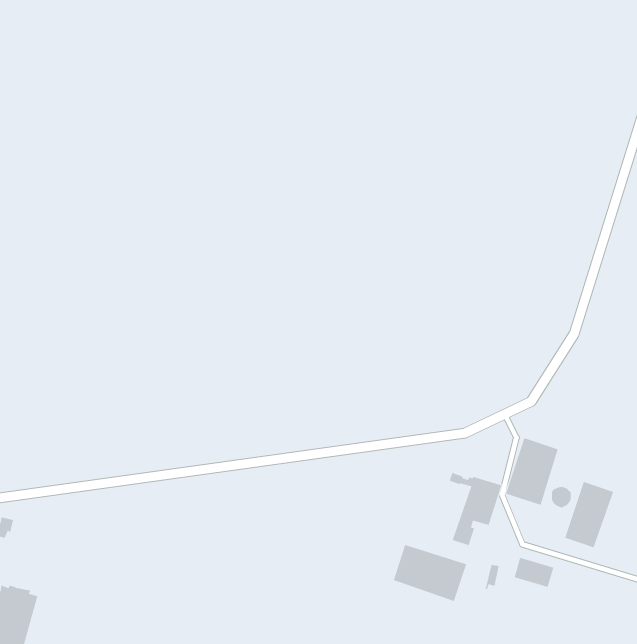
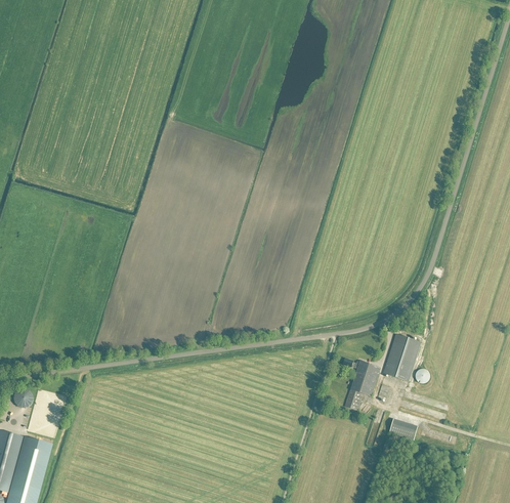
building: [564,481,614,548] -> none
building: [393,544,467,602] -> none

